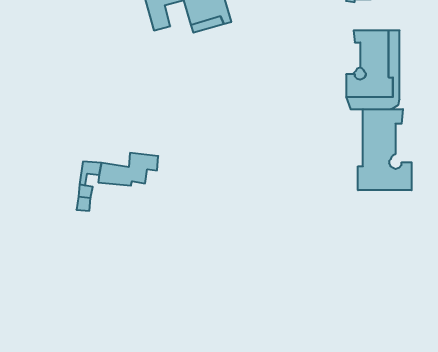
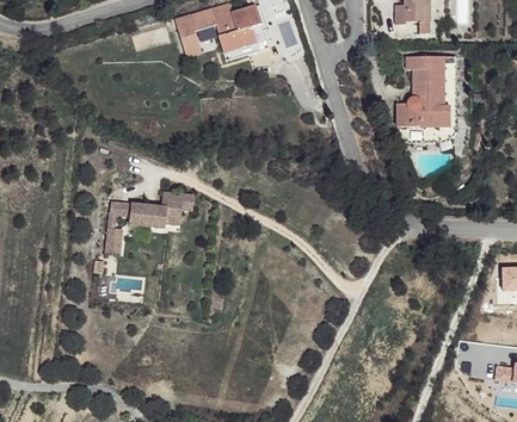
building: [358,109,412,190] -> none

